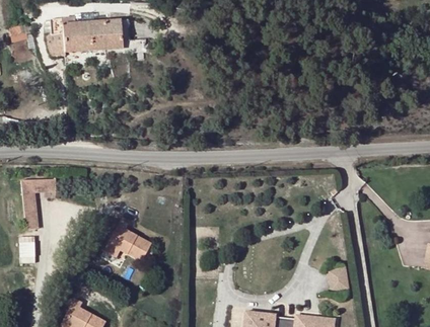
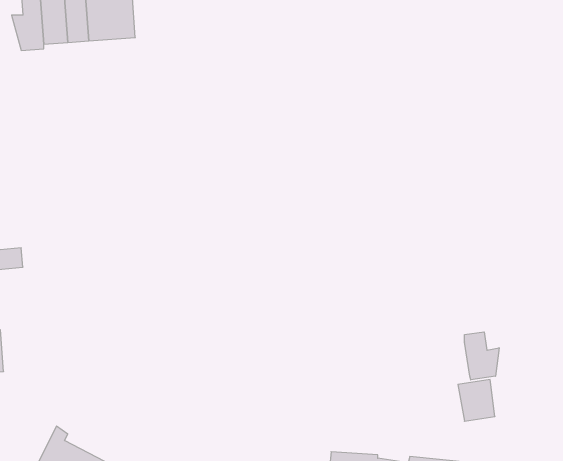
building: [104,217,148,258] -> none
building: none -> [465,332,499,380]

